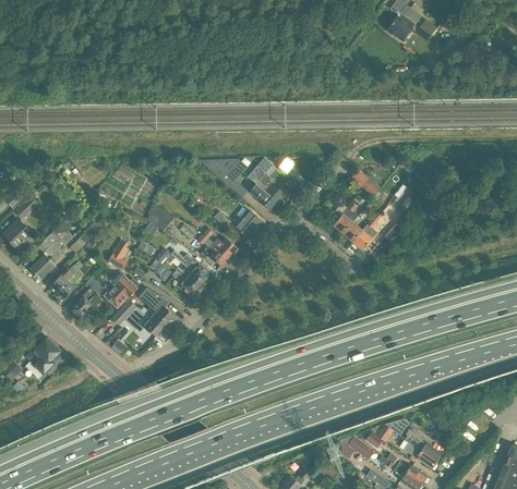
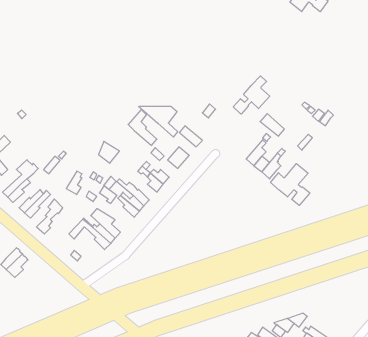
building: none -> [233,76,270,114]
building: [249,158,285,203] -> [128,110,157,145]
building: none -> [271,164,310,205]
building: [105,276,139,307] -> none

